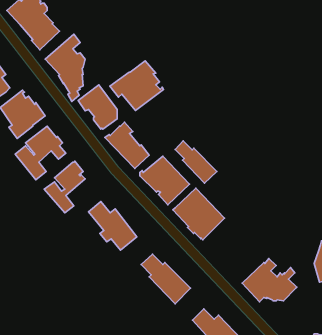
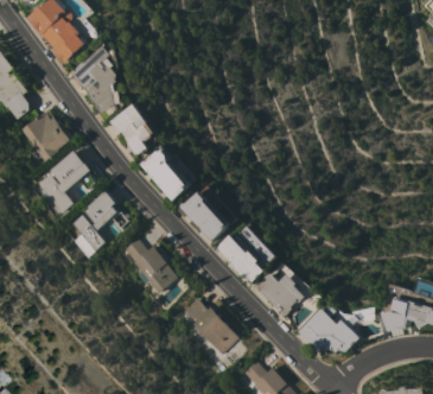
building: [110,61,164,111] -> none
building: [175,141,217,183] -> none
building: none -> [259,271,307,316]

